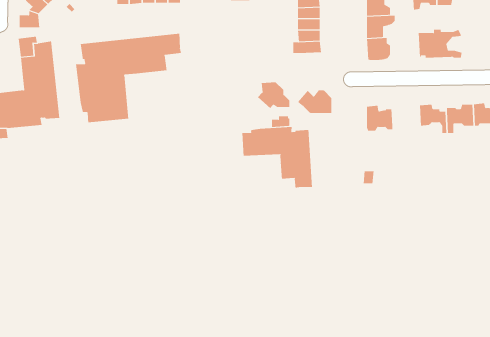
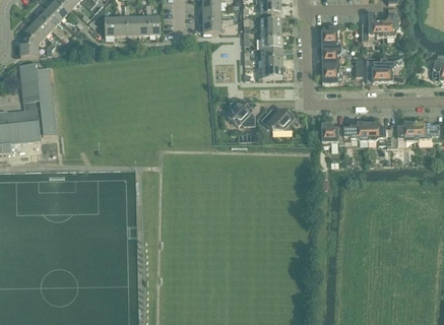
building: [76,33,182,123] -> none
building: none -> [342,121,367,140]
building: [242,126,312,188] -> none

